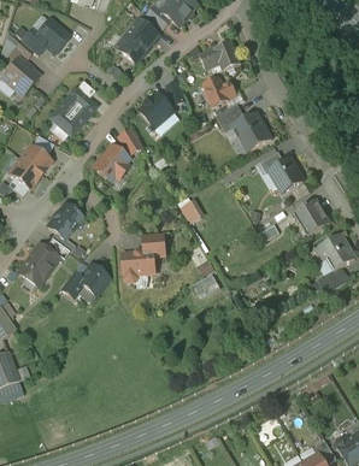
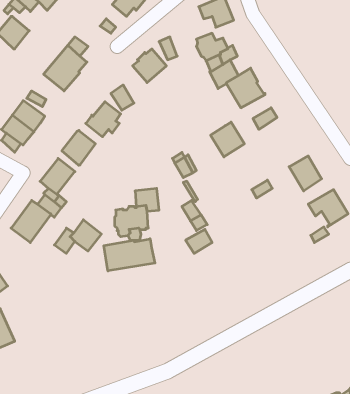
building: [270,158,304,193] -> [211,122,244,157]
building: none -> [62,130,95,165]
building: none -> [104,239,155,271]

